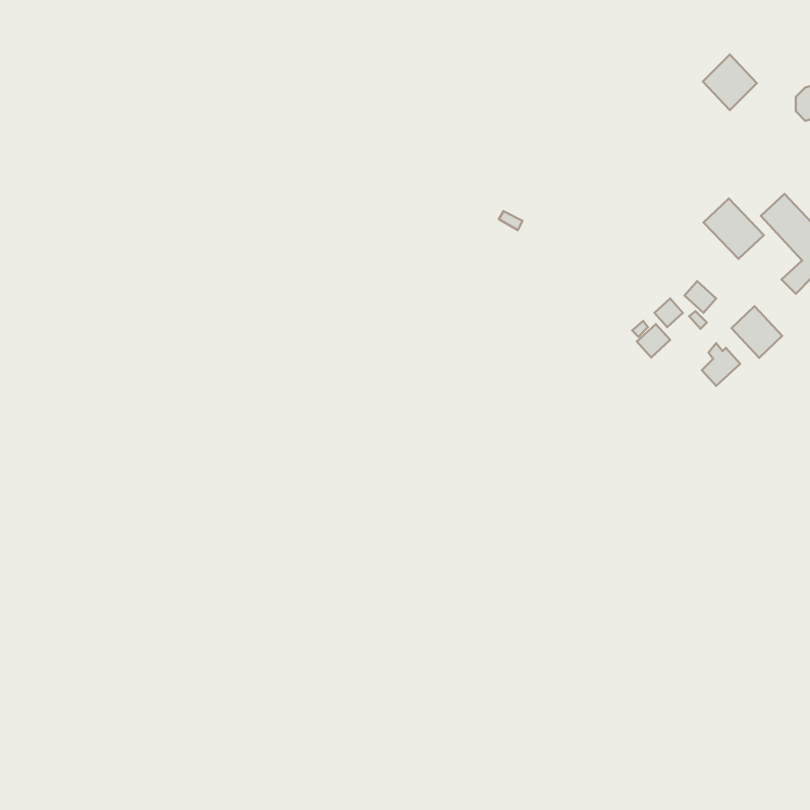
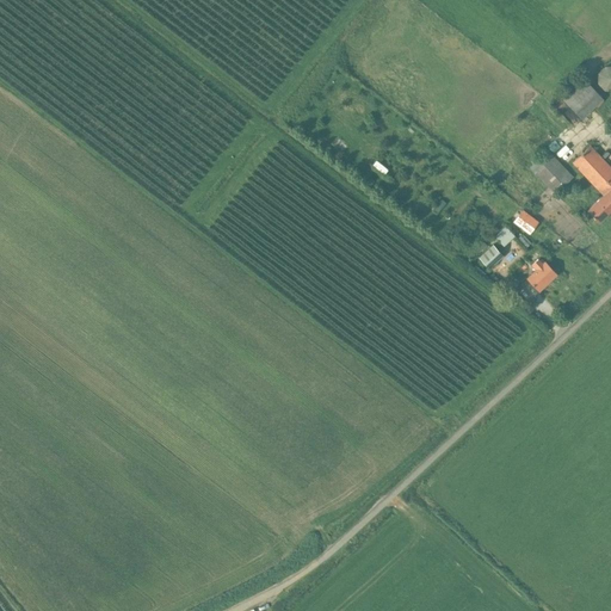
building: [703,55,757,110] -> [563,78,604,119]
building: [731,306,782,358] -> none

